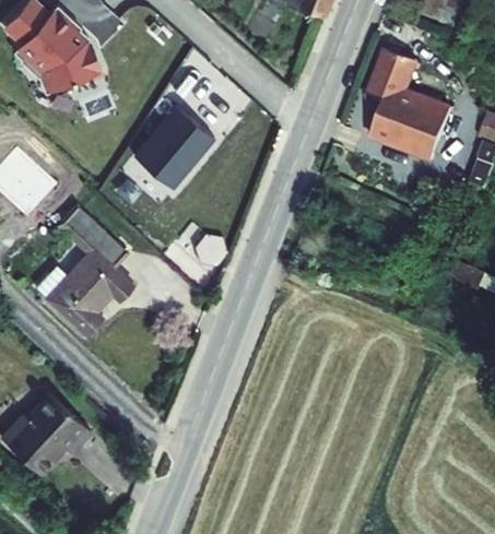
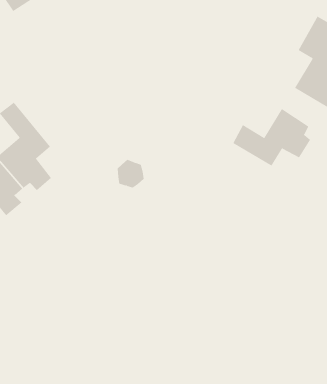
building: [127,110,212,197] -> none
building: none -> [232,108,311,167]

